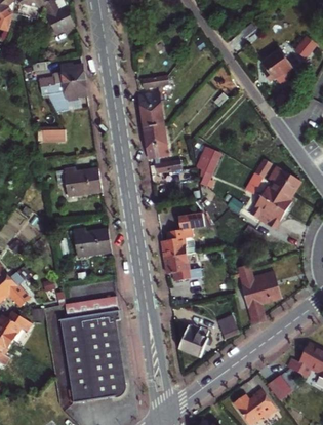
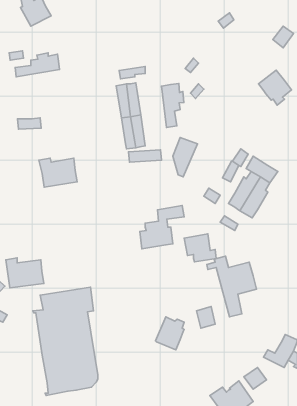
building: [263,49,295,84] -> [259,70,292,105]
building: [40,79,86,113] -> none
building: none -> [161,83,184,127]
building: [73,228,111,258] -> [6,258,44,288]
building: [165,254,197,281] -> [184,234,216,262]

